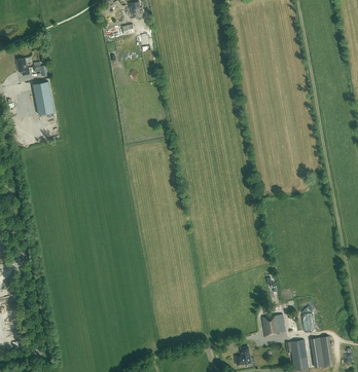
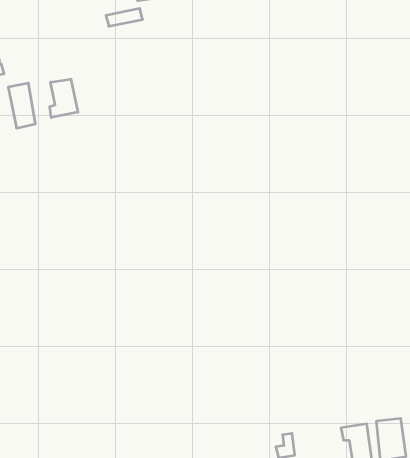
building: none -> [50,79,78,118]
building: [261,314,284,336] -> none

